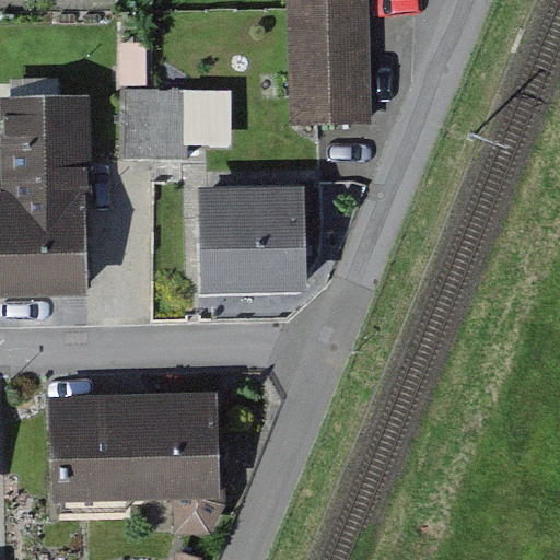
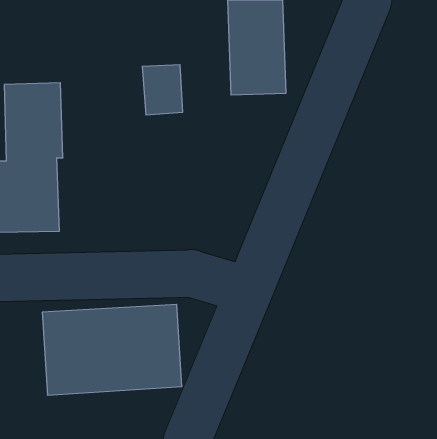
building: [120,86,178,151] -> none
building: [207,200,298,295] -> none

